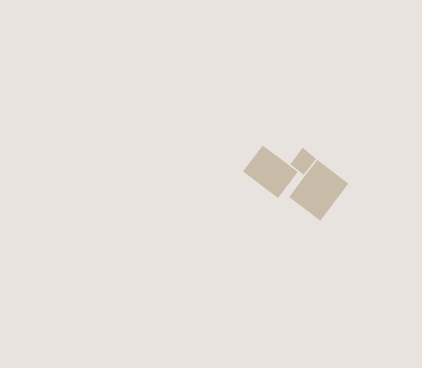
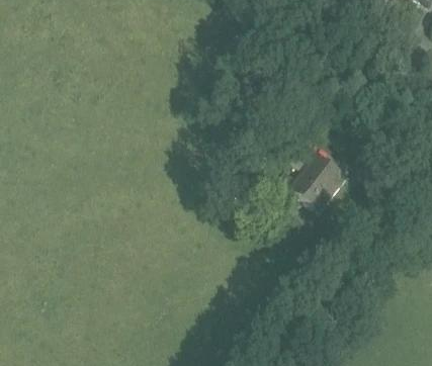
building: [242,145,299,199] -> none

